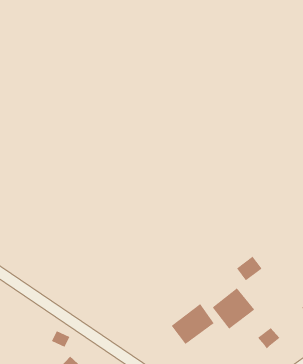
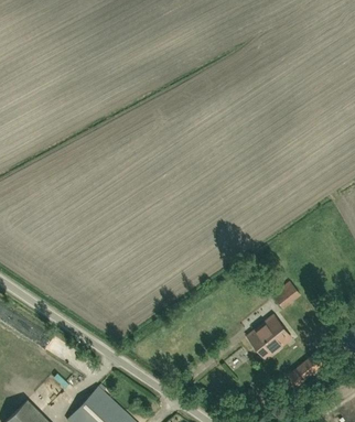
building: [171,303,214,345] -> none

